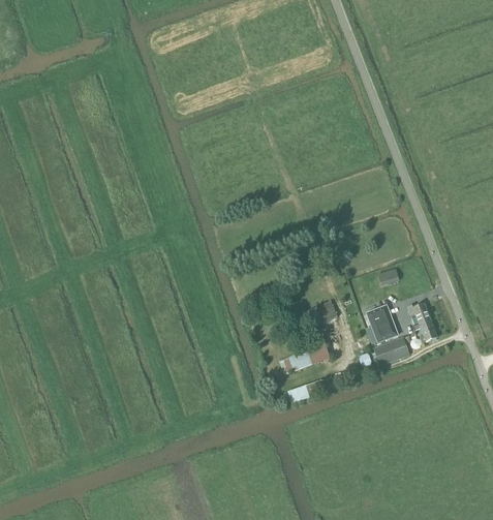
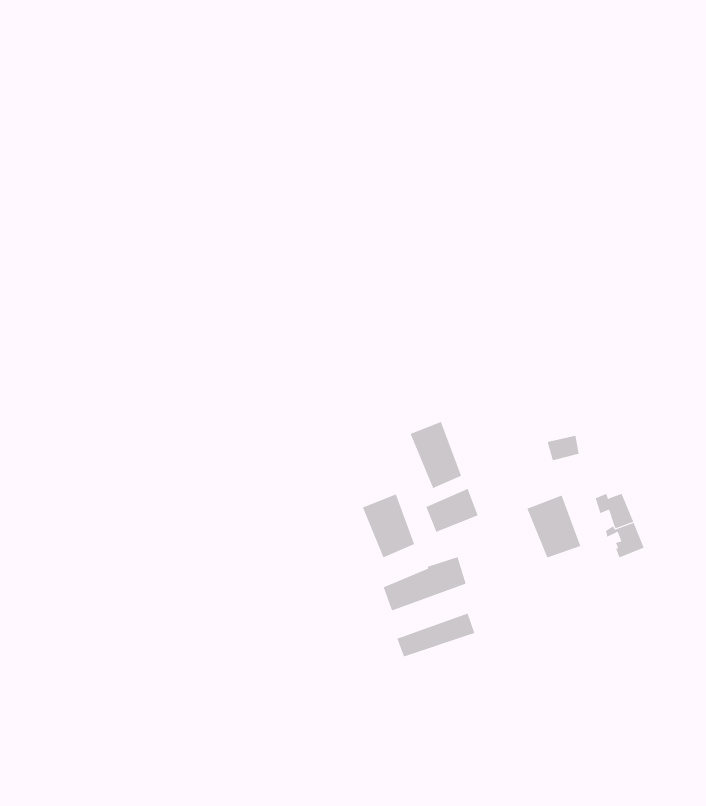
building: none -> [410,421,462,489]
building: none -> [362,494,415,558]
building: [358,337,409,367] -> none

